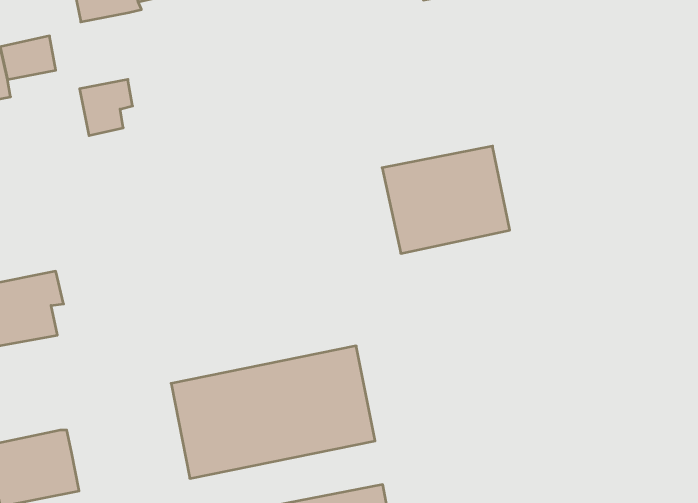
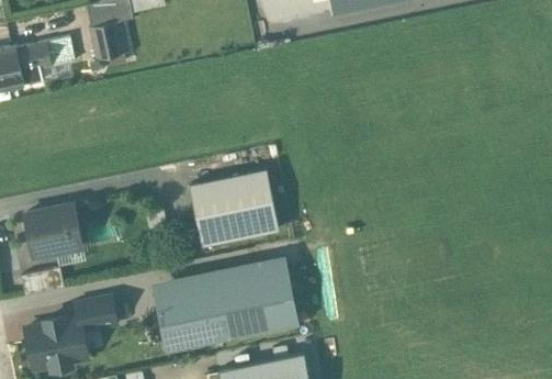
building: [80,79,133,136] -> [91,22,128,62]
building: [382,146,510,253] -> [189,170,279,246]
building: none -> [75,294,117,332]

